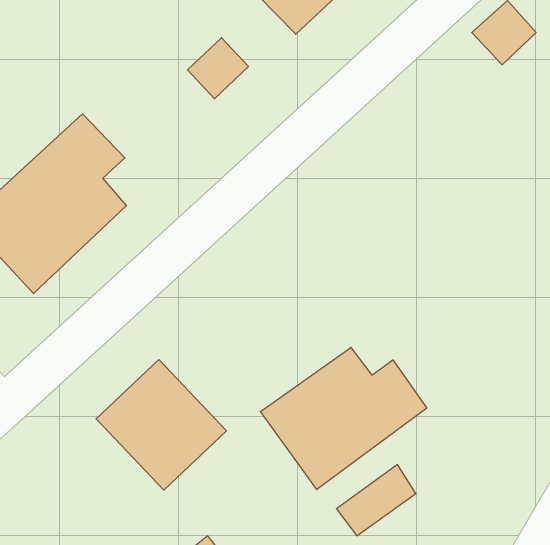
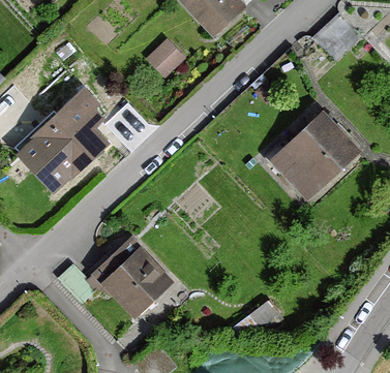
building: none -> [267,108,361,201]
building: [260,347,427,490] -> none

